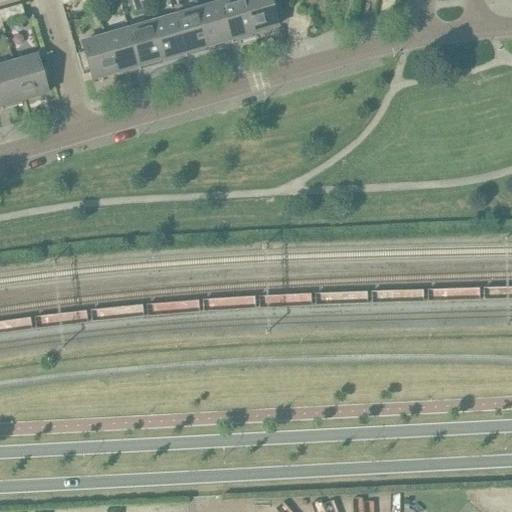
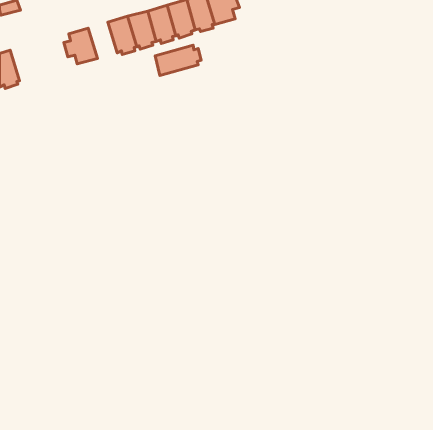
building: [104,26,138,71] -> none
building: [12,52,51,95] -> none
building: none -> [155,45,201,76]

